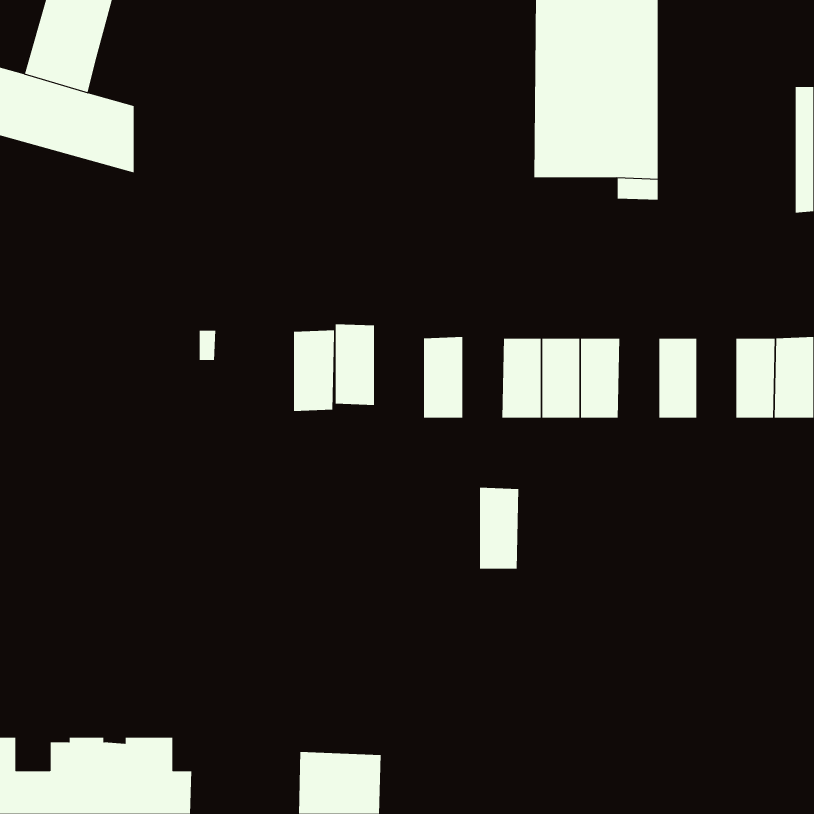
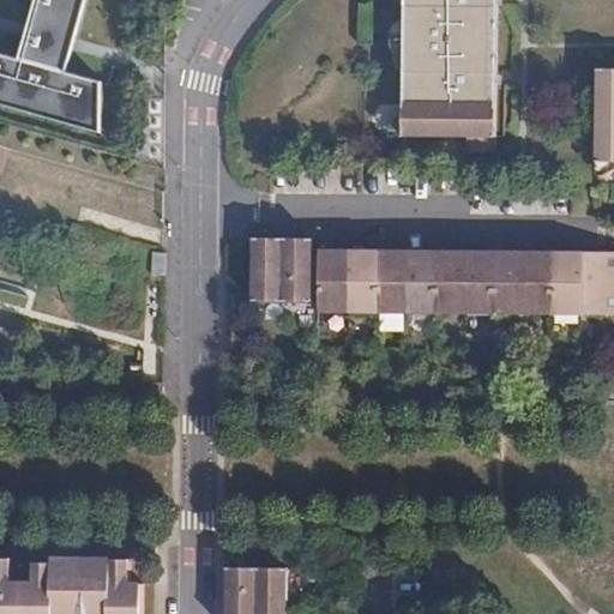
building: [293,330,335,411] -> [281,242,312,303]
building: none -> [463,253,493,313]
building: none -> [522,253,550,313]
building: [479,487,519,569] -> [347,252,377,313]

